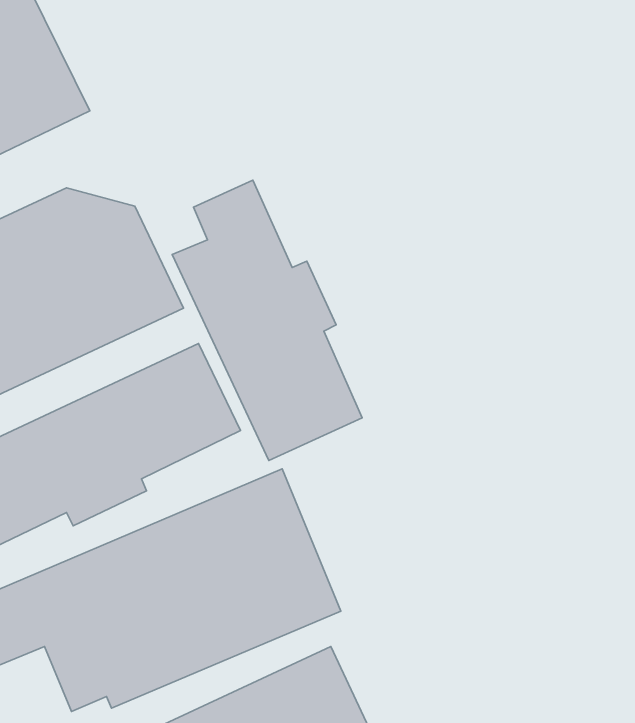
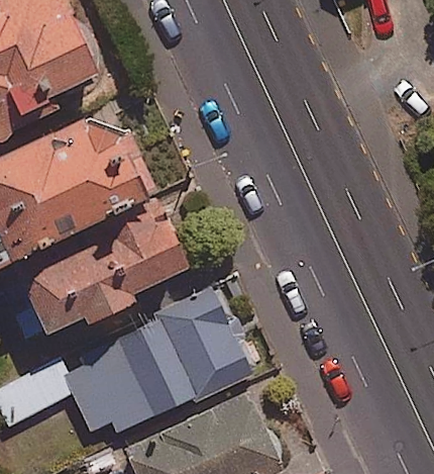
building: [172,180,362,461] -> none

